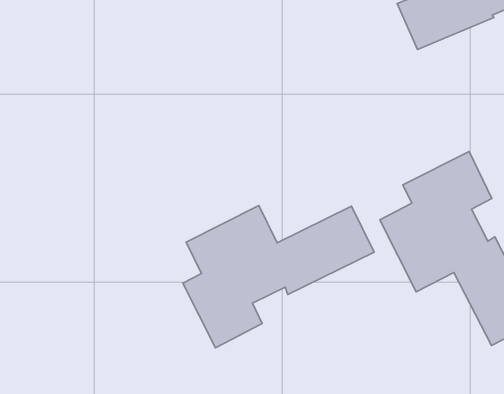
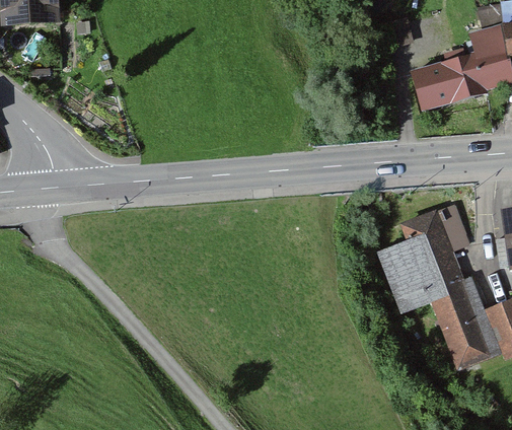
building: [183,205,374,348] -> none

